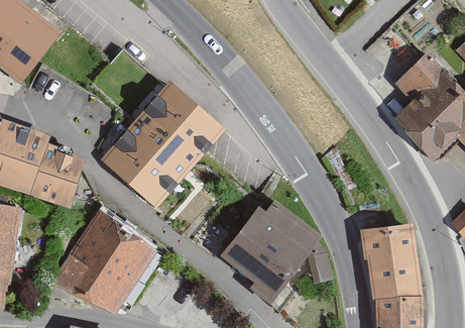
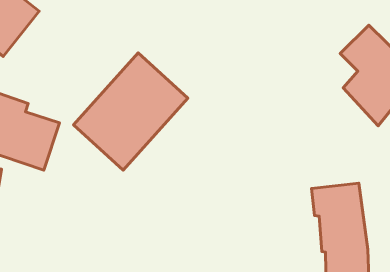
building: [220,199,333,306] -> none
building: [50,209,156,315] -> none

